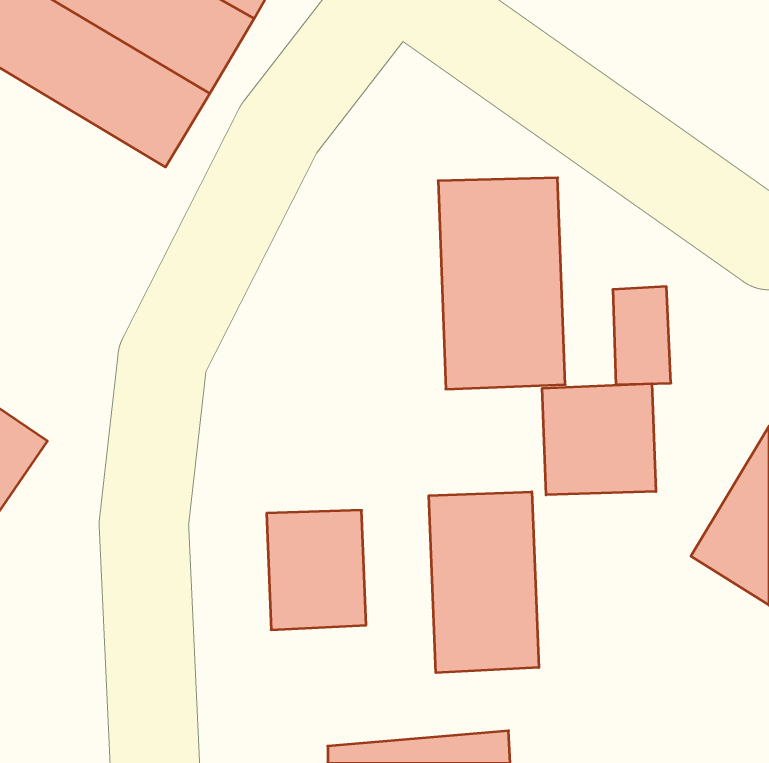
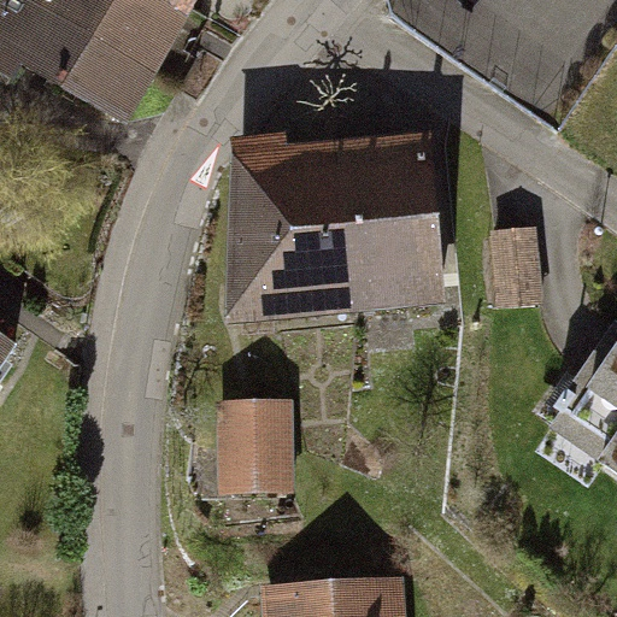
building: none -> [229,142,351,310]
building: [542,384,656,495] -> none
building: [429,492,539,673] -> none

